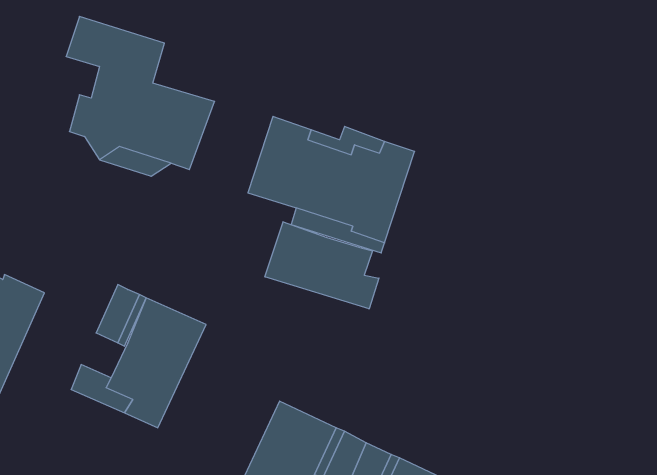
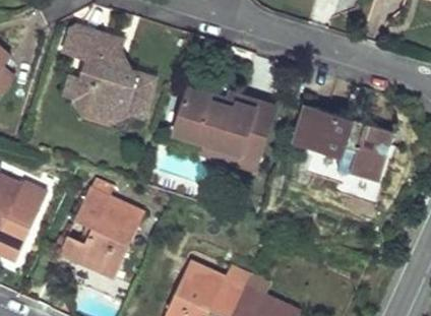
building: none -> [295,105,389,180]
building: [265,222,379,309] -> none

